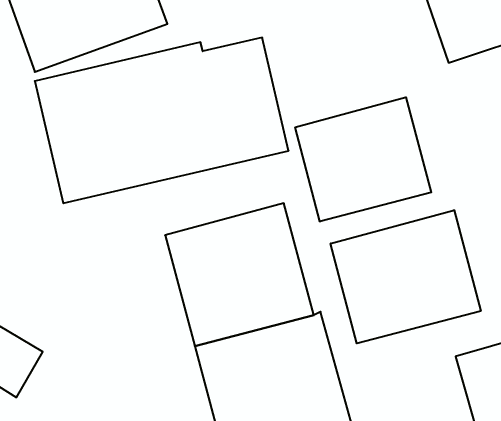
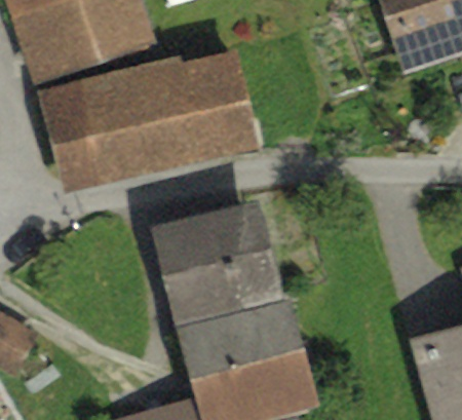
building: [295,97,431,222] -> none
building: [331,210,481,343] -> none

